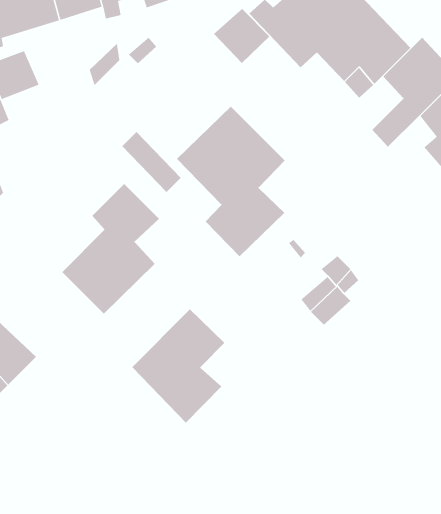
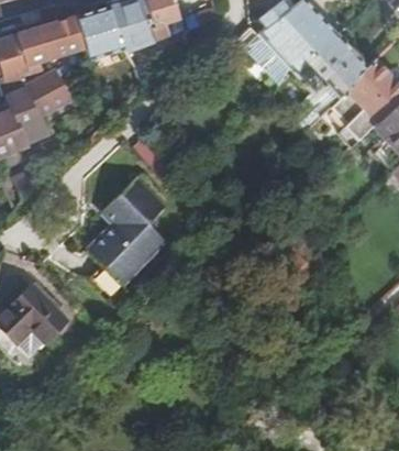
building: [213,8,270,64] -> none
building: [176,106,286,257] -> none
building: [131,309,225,424] -> none

